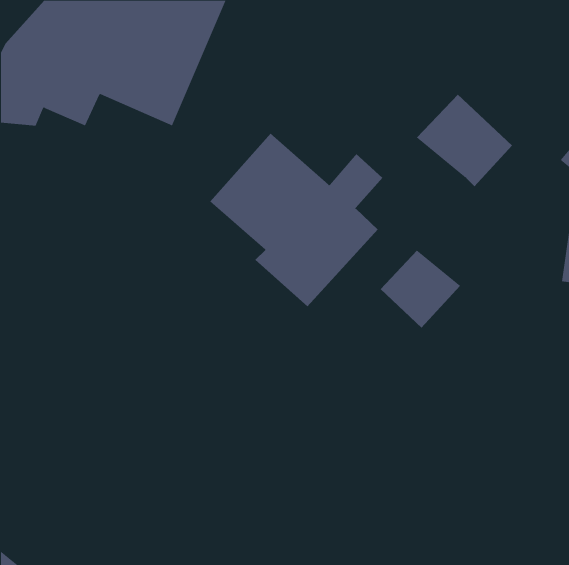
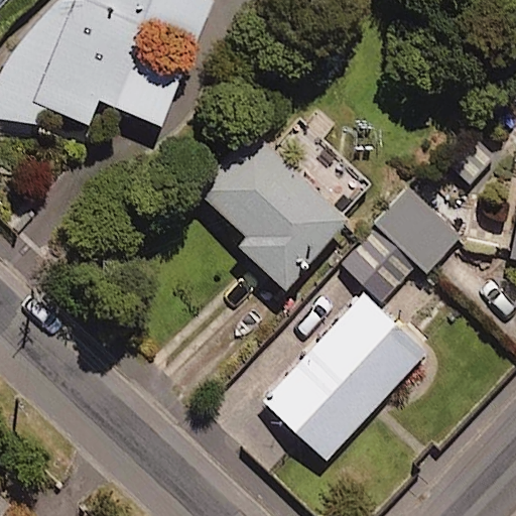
building: [416,94,513,187] -> [374,189,461,273]
building: none -> [264,296,424,459]

